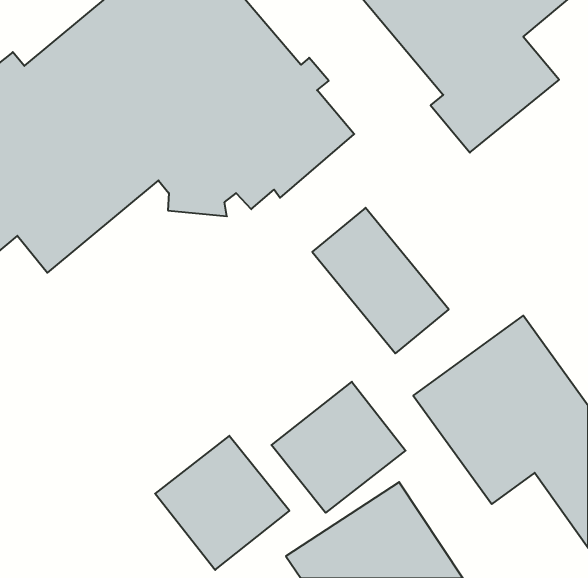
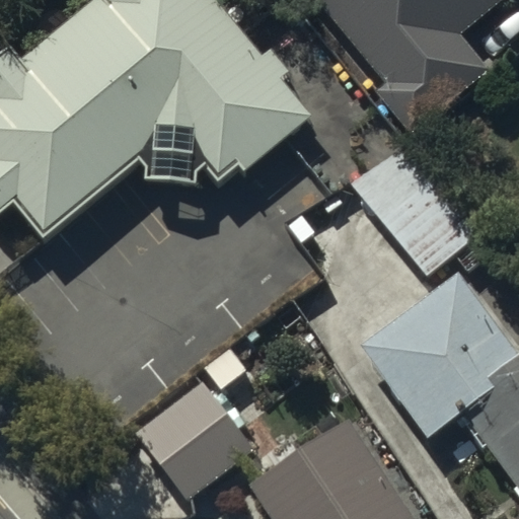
building: [312,208,449,353] -> [352,133,471,261]
building: [271,382,406,513] -> none

